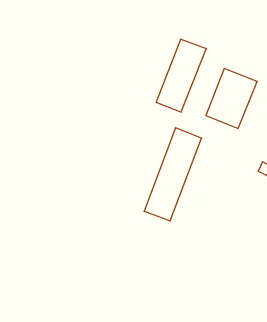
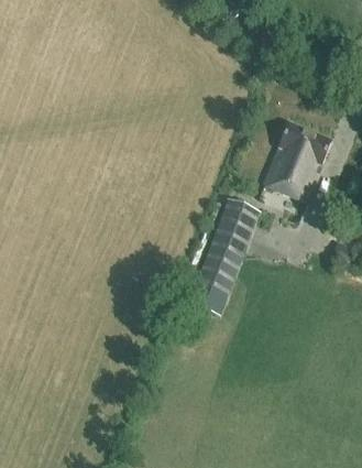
building: [156,39,206,112] -> none

